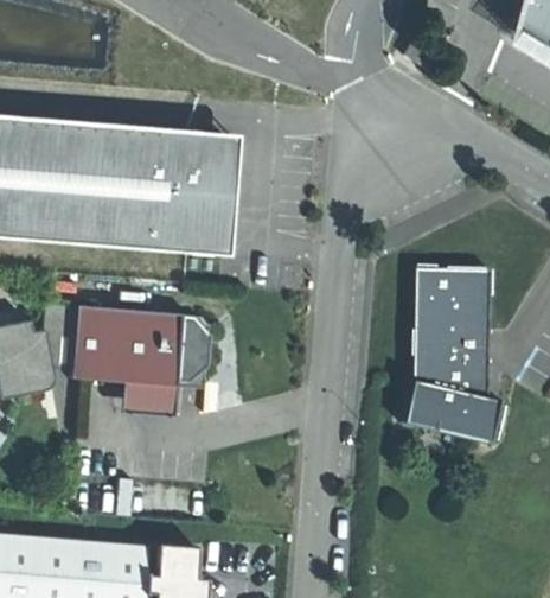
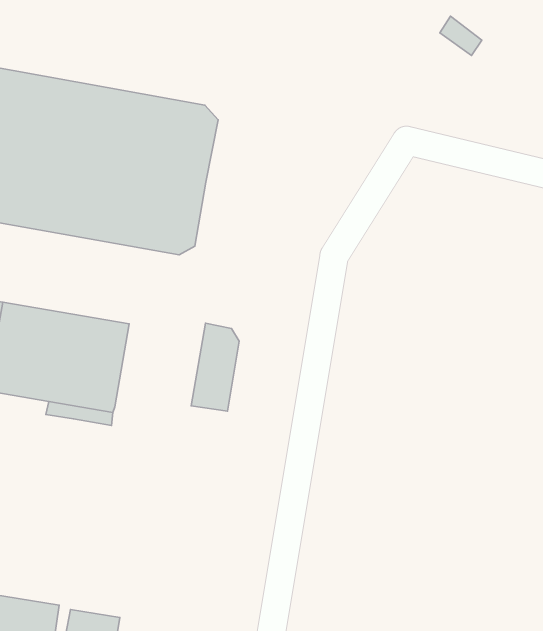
building: [402,267,501,444] -> none
building: [175,314,209,383] -> [191,323,239,411]

